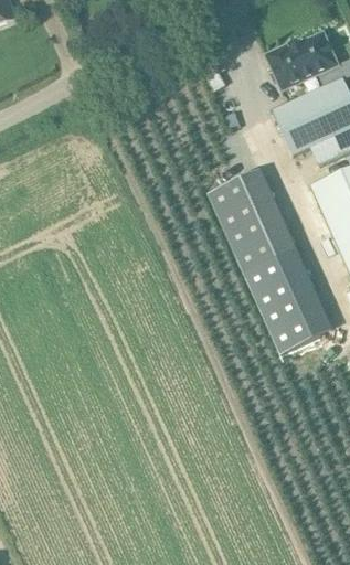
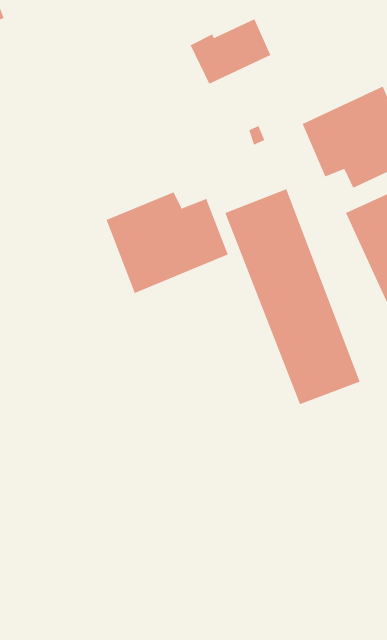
building: [268,30,339,87] -> [190,18,271,84]
building: none -> [106,191,229,294]

